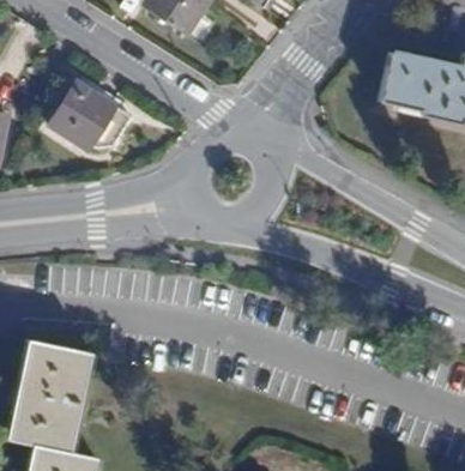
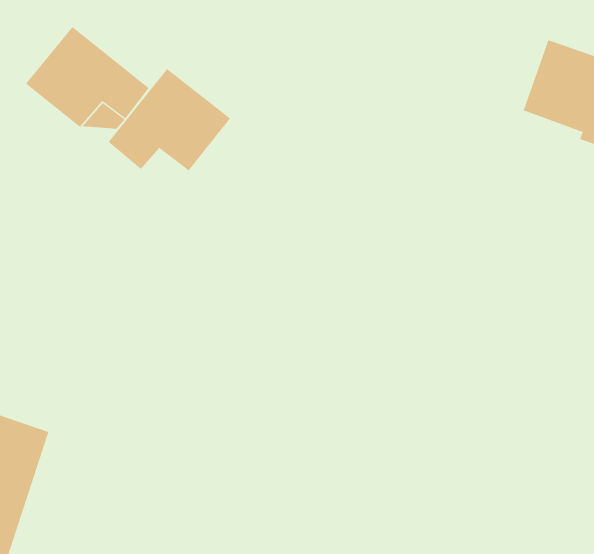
building: none -> [108,68,231,172]

